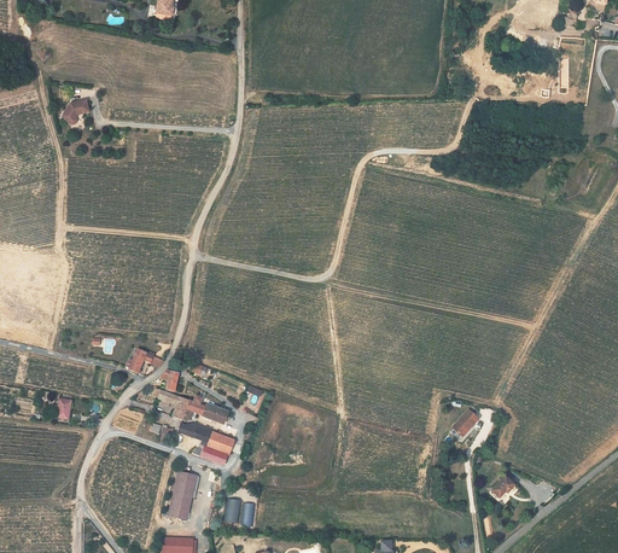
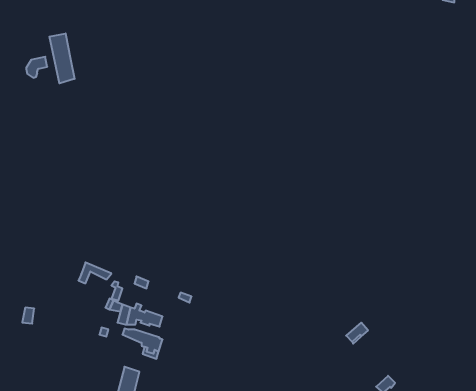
building: none -> [49,33,75,83]

